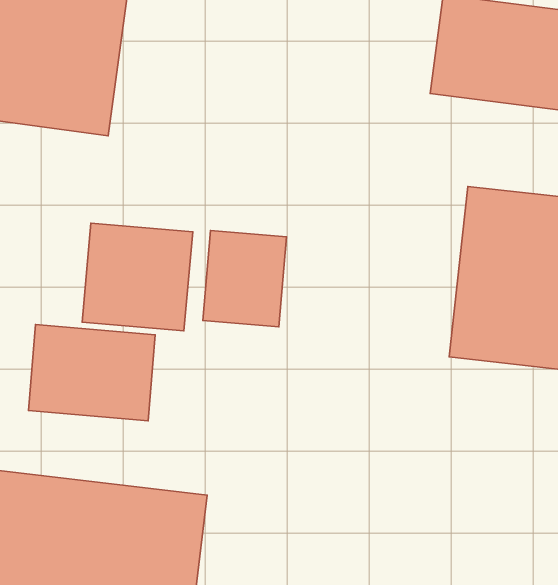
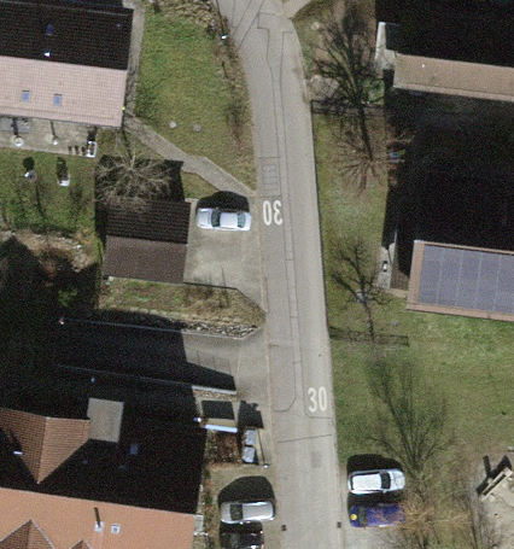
building: [203,231,287,327] -> none
building: [29,325,155,421] -> none

